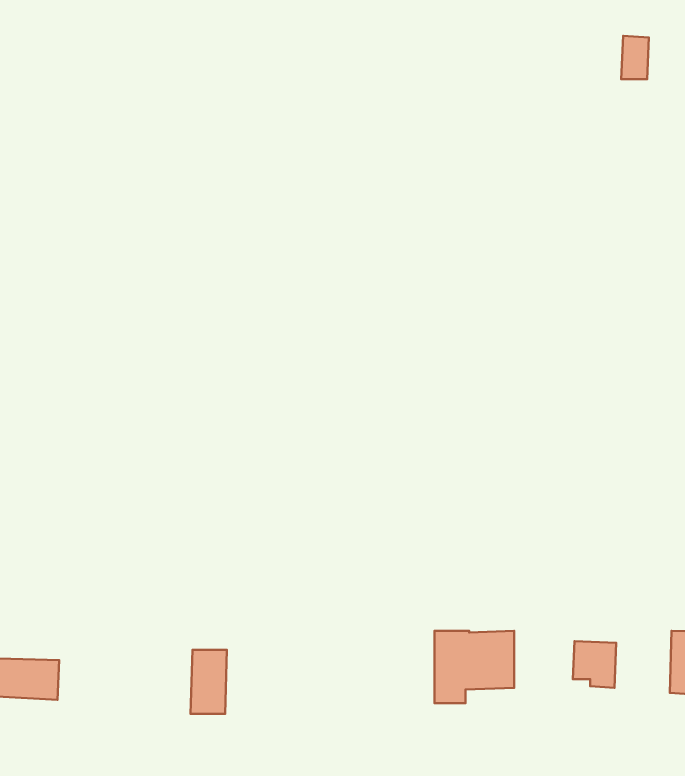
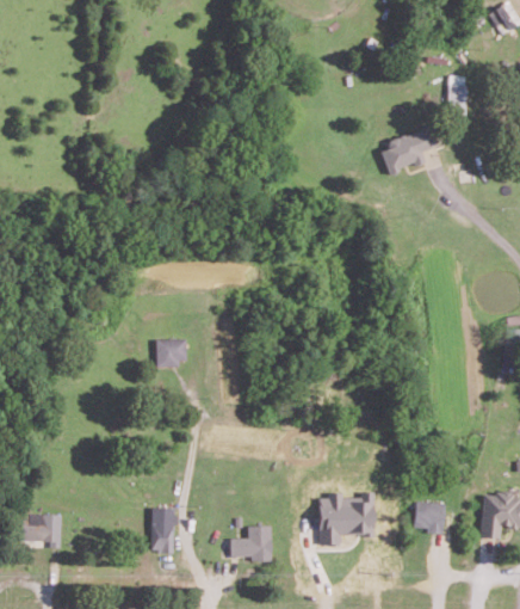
building: none -> [379,124,440,174]
building: none -> [155,338,186,365]
building: none -> [230,525,272,561]

